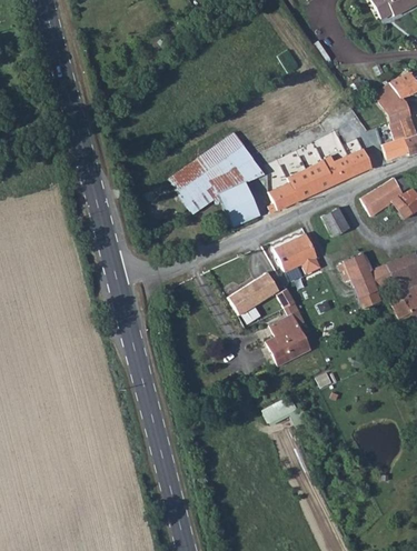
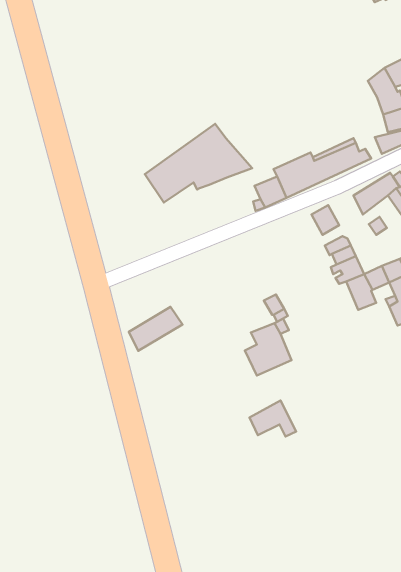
building: [218,182,258,227] -> none
building: [276,234,316,271] -> none
building: [225,276,275,317] -> [129,307,182,351]

